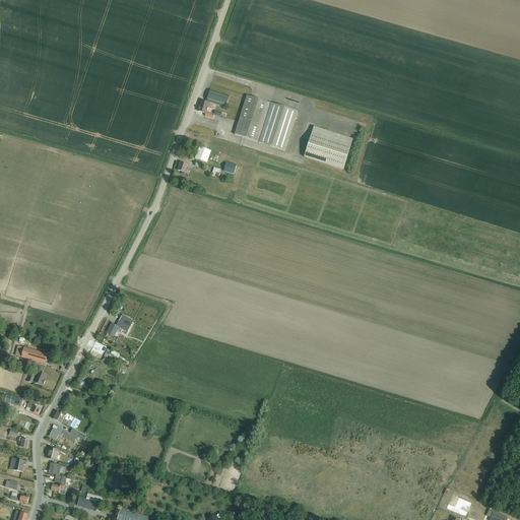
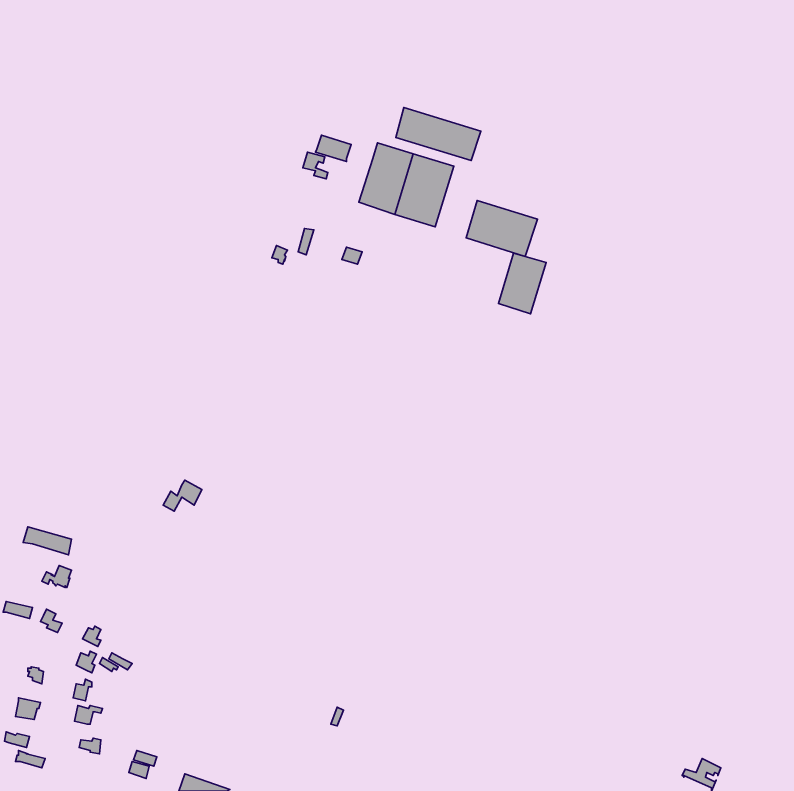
building: none -> [396,108,481,160]
building: none -> [499,253,546,314]

